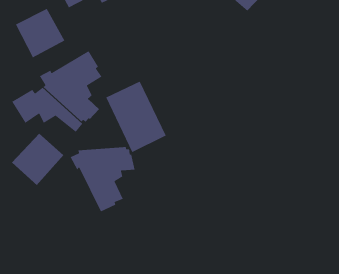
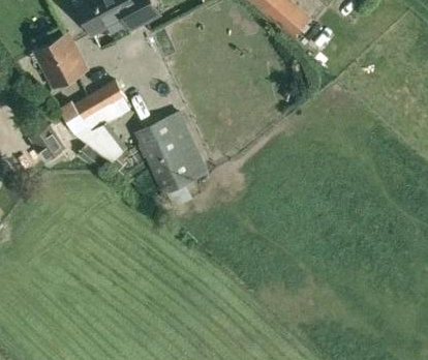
building: [11,133,64,186] -> none
building: [70,146,136,212] -> none

